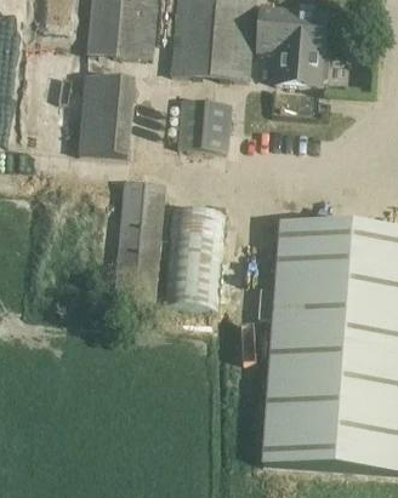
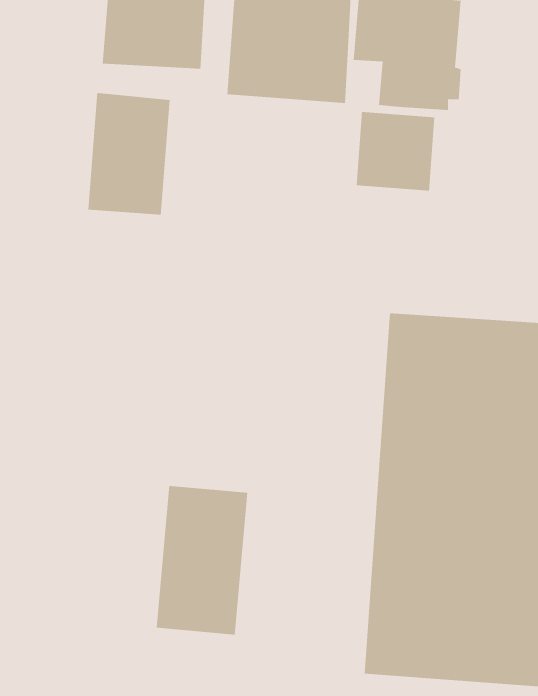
building: [177,97,231,150] -> [356,112,435,191]
building: [114,179,164,302] -> none
building: [163,206,224,307] -> [156,485,248,635]

